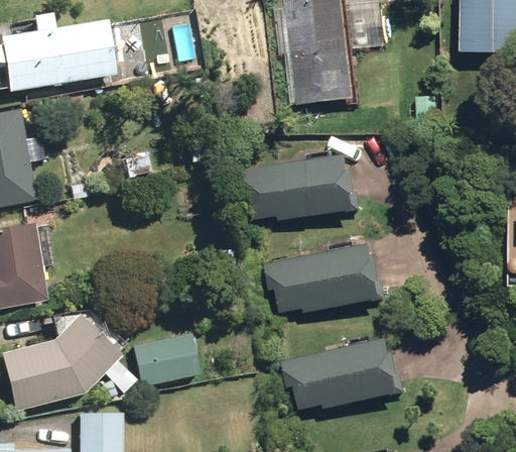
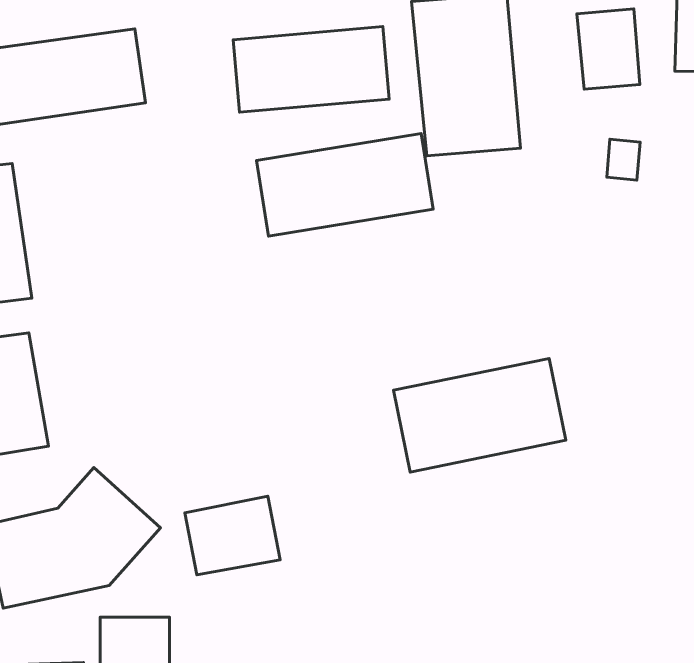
building: none -> [577,9,640,89]
building: none -> [233,27,389,112]
building: [245,155,363,224] -> [256,133,433,236]
building: [291,338,402,414] -> none

